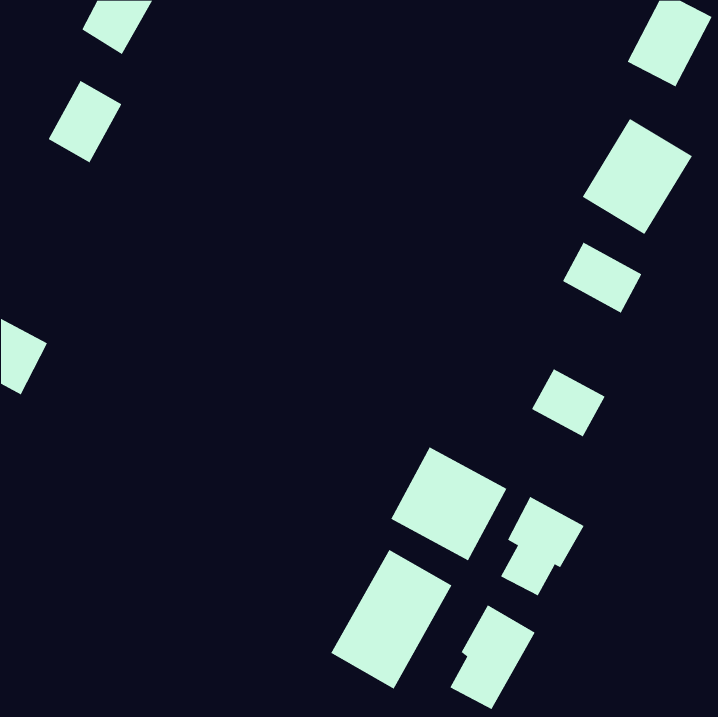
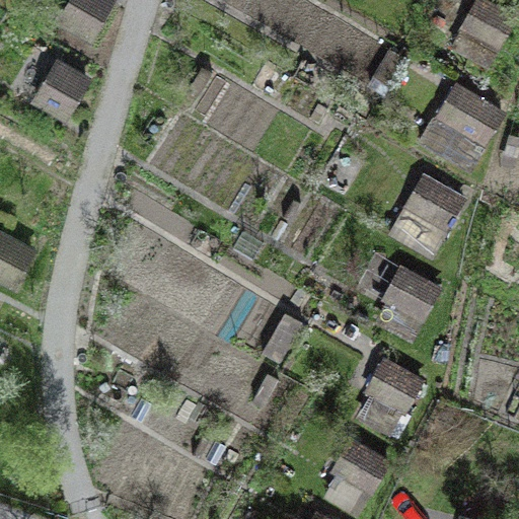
building: [391,446,507,561] -> none
building: [330,549,452,689] -> none

